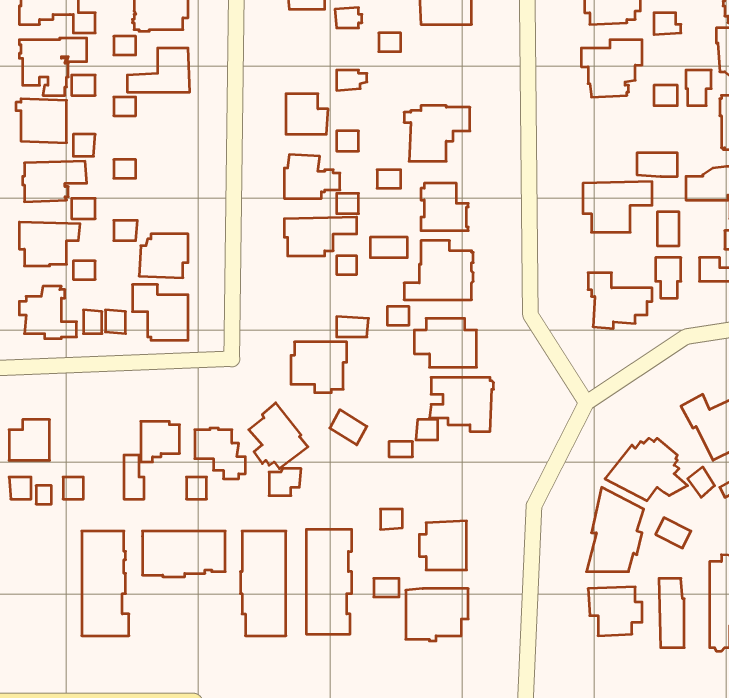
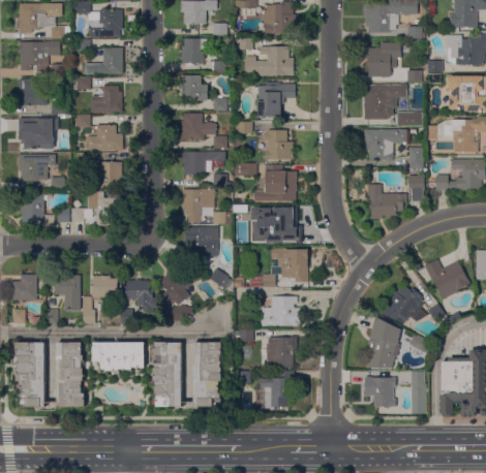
building: none -> [180,38,209,65]
building: none -> [244,46,293,76]
building: none -> [361,85,405,119]
building: none -> [90,86,121,113]
building: none -> [86,125,122,150]
building: none -> [181,190,214,223]
building: none -> [54,276,80,310]
building: none -> [261,296,299,325]
building: none -> [16,342,44,407]

